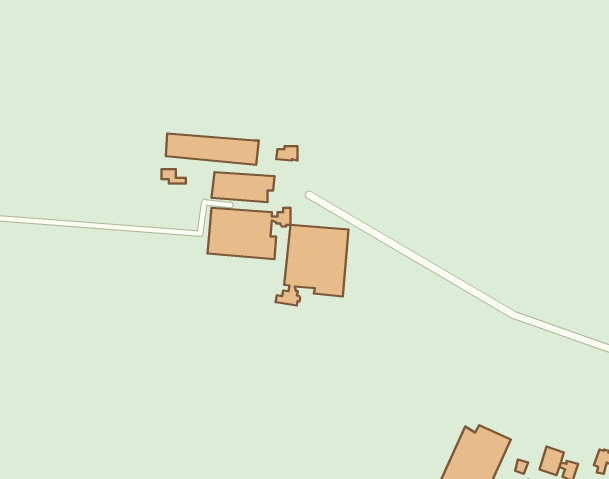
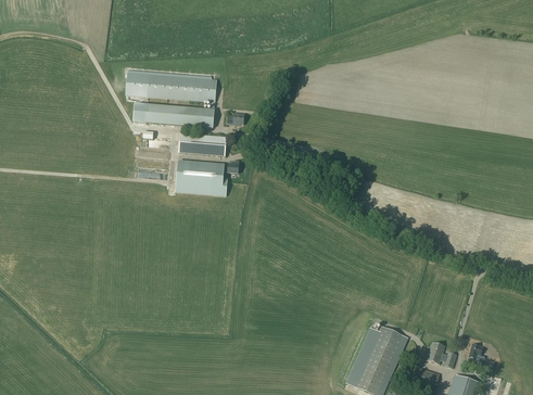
building: none -> [127,68,217,109]
building: [275,225,348,306] -> none

